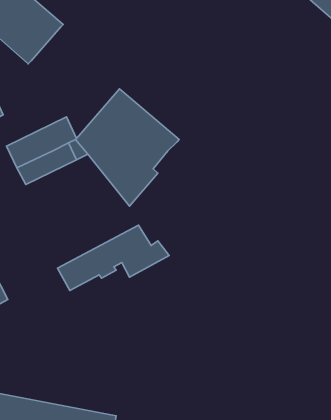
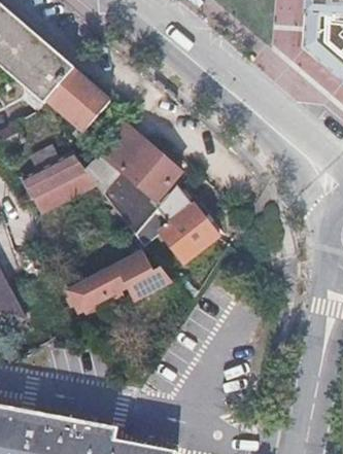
building: none -> [46,70,111,132]
building: none -> [136,185,219,263]

